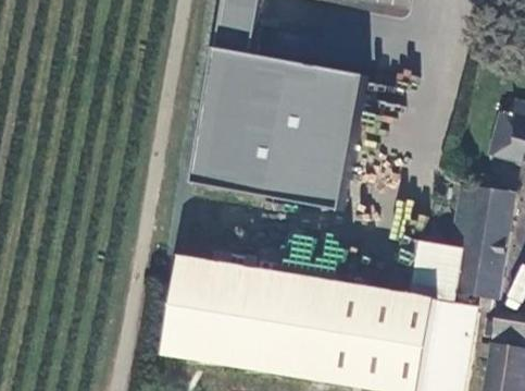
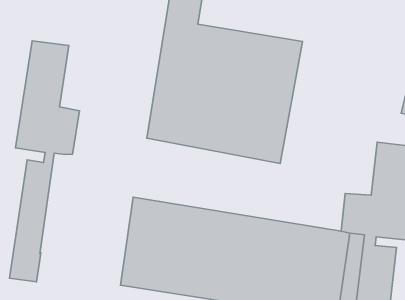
building: none -> [10,41,79,282]

